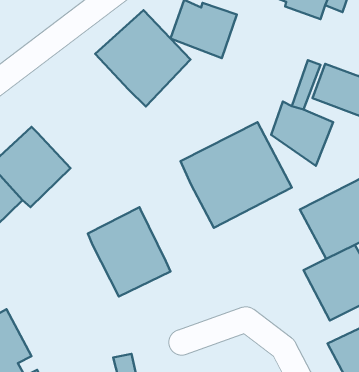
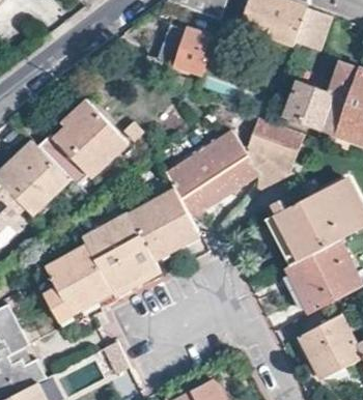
building: [95,10,190,107] -> [36,105,122,192]
building: none -> [130,191,199,260]
building: none -> [32,246,110,319]

